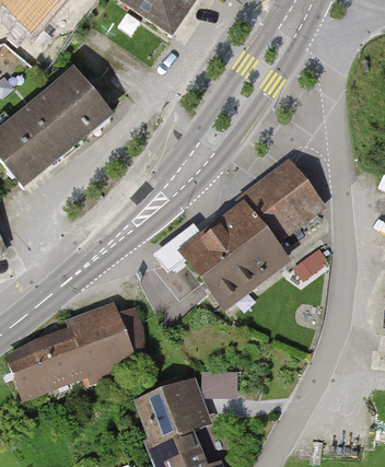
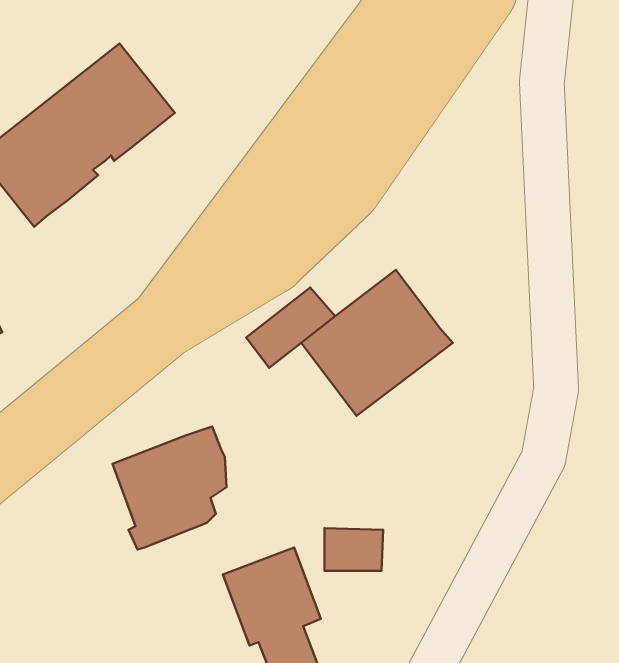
building: [240,164,318,246] -> none
building: [8,329,86,397] -> none

